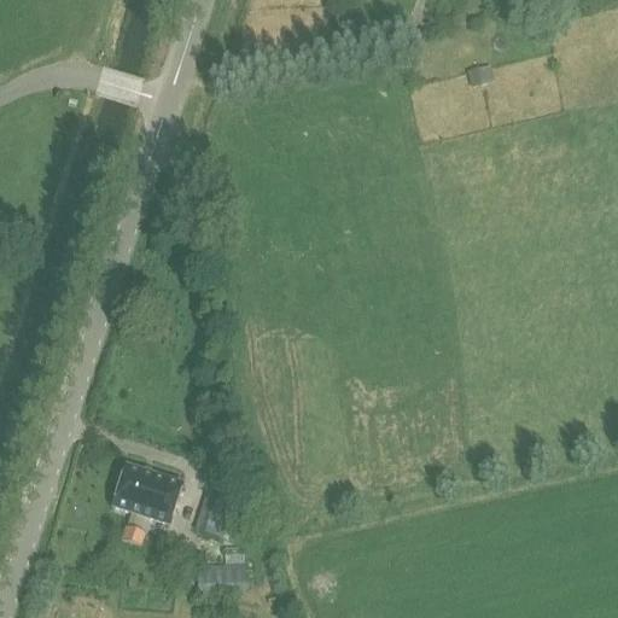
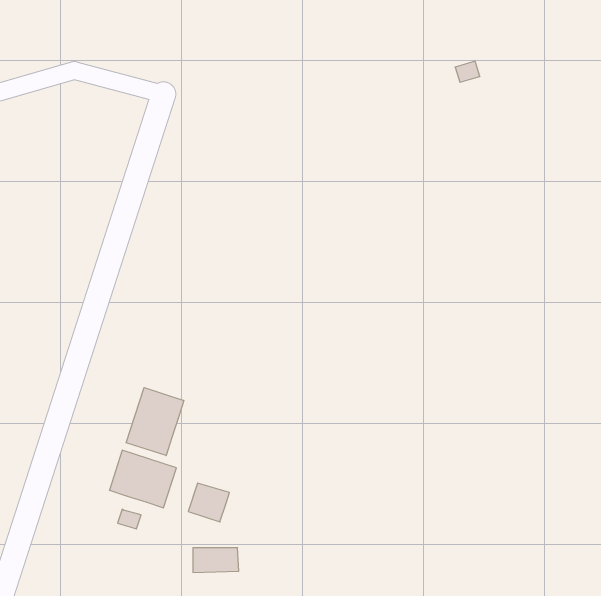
building: none -> [126,388,184,456]

